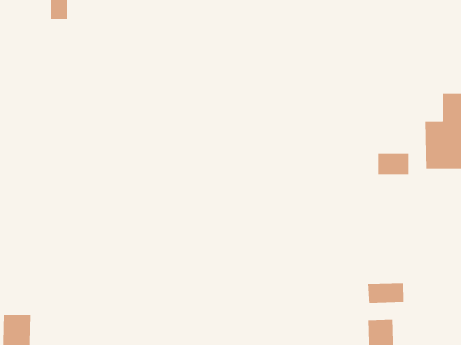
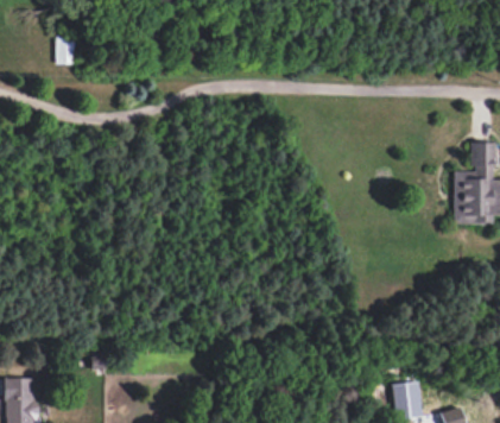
building: [378,153,409,175] -> none
building: [367,282,404,304] -> none

